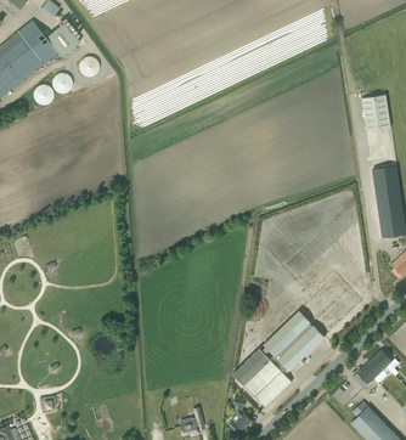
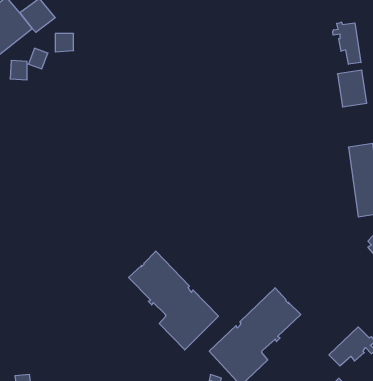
building: none -> [333,22,361,64]
building: none -> [129,251,218,350]

